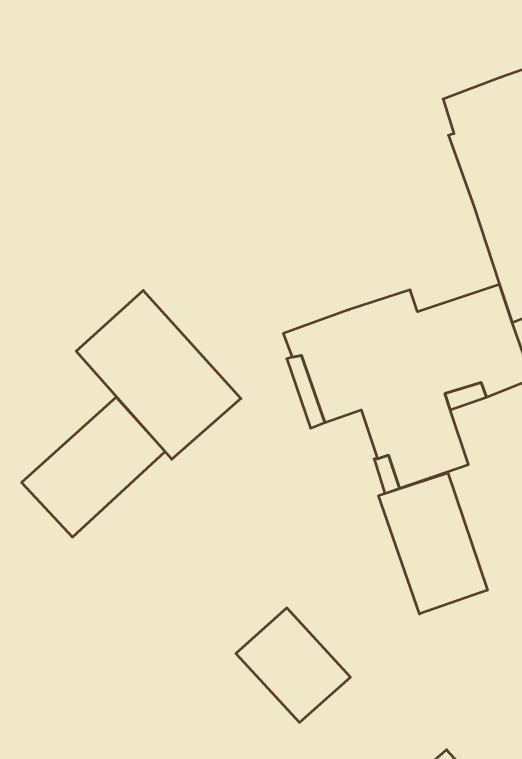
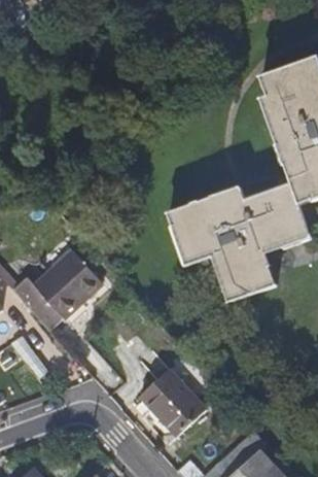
building: [76,290,241,459] -> none
building: [379,473,487,614] -> none

